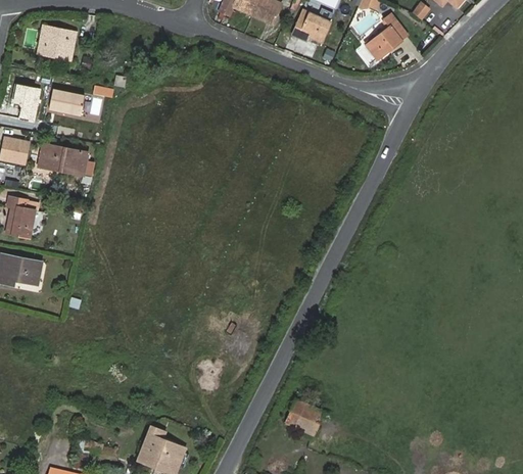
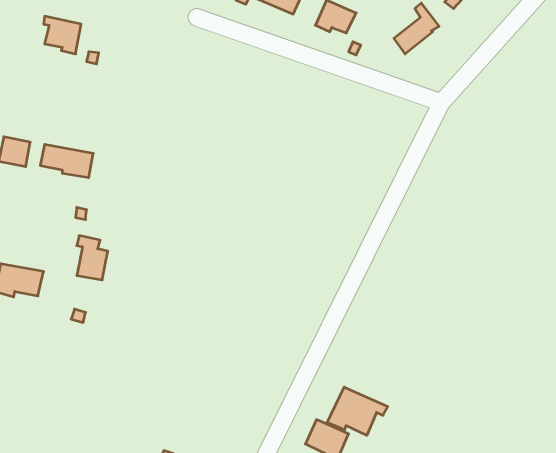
building: [12,84,40,122] -> none
building: [48,89,84,115] -> none
building: [6,196,35,237] -> [77,236,108,280]
building: none -> [327,387,388,435]

